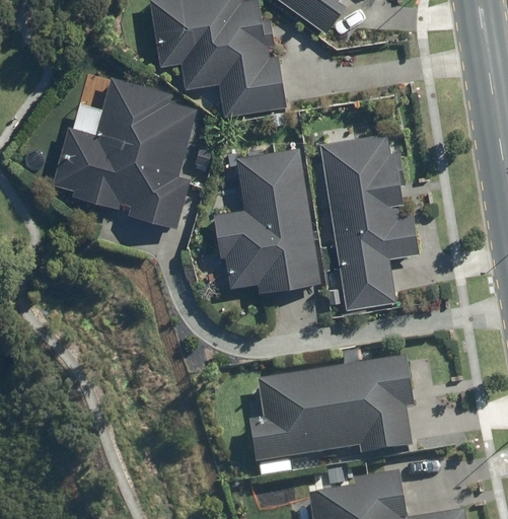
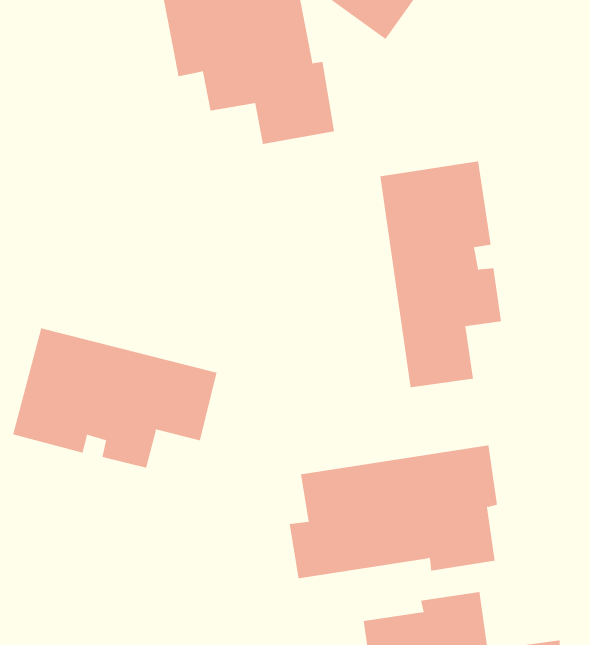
building: [54,78,195,228] -> none
building: [211,143,324,293] -> none
building: none -> [13,327,217,469]

